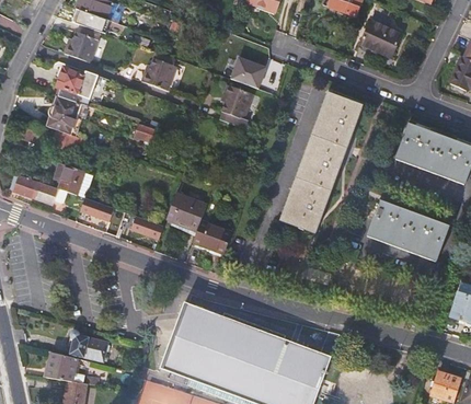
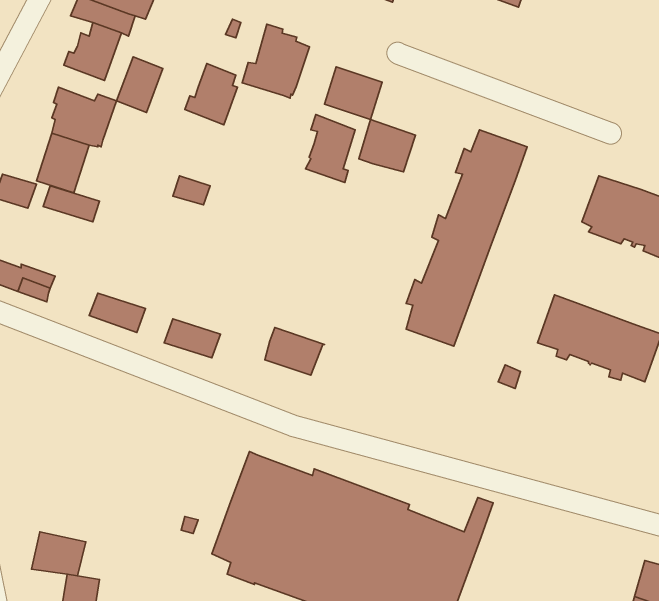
building: [360,20,404,58] -> none
building: none -> [242,24,310,98]
building: none -> [117,57,163,113]
building: none -> [359,120,416,172]
building: [58,165,93,197] -> none
building: [165,191,206,230] -> none
building: [67,328,108,362] -> none

